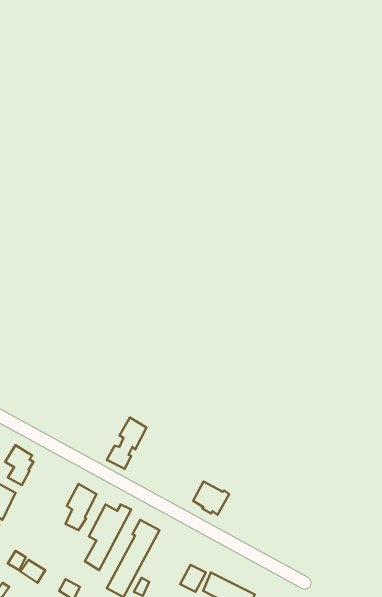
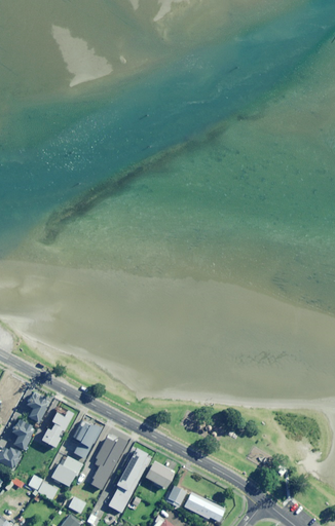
building: [107,417,147,469] -> [41,406,73,447]
building: [193,481,229,515] -> [145,462,174,489]
building: none -> [49,456,82,486]

